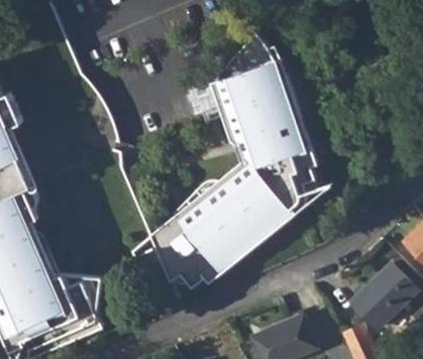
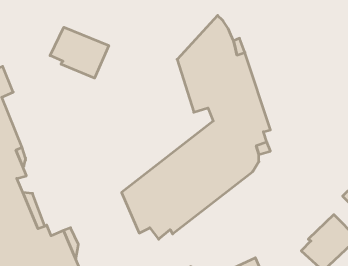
building: none -> [50,27,109,78]

